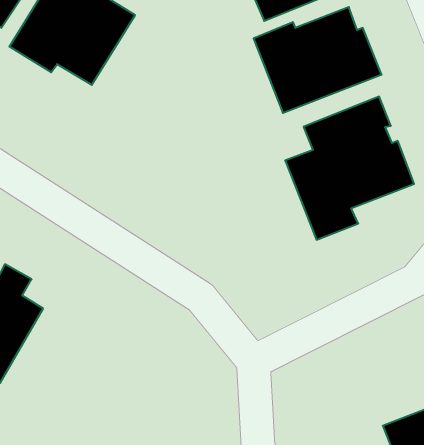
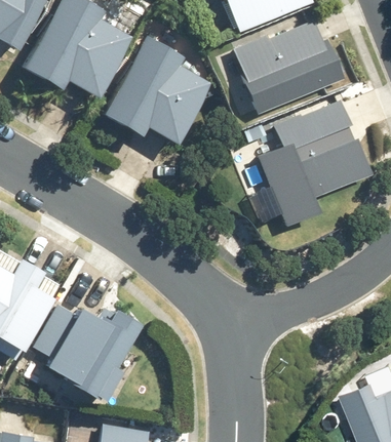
building: none -> [99,35,209,140]
building: none -> [30,304,136,396]

